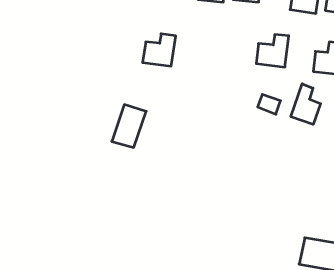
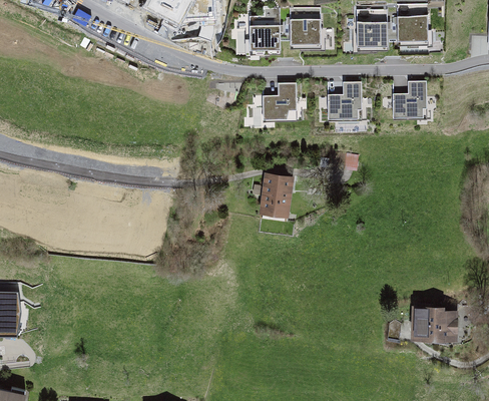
building: [143,34,176,66] -> [263,83,296,119]
building: [291,84,321,124] -> none
building: [112,105,146,147] -> [260,172,294,220]

